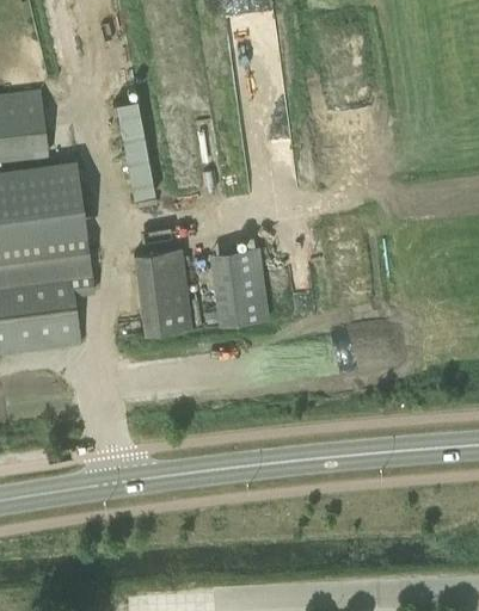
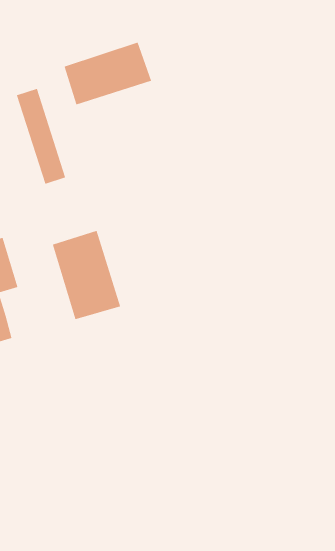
building: none -> [64,42,152,106]
building: [214,243,270,323] -> none

